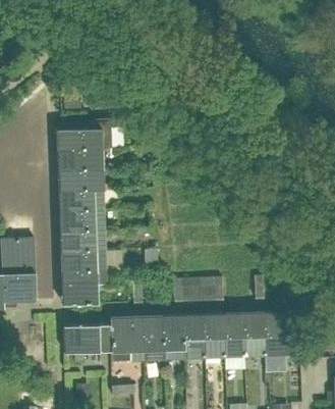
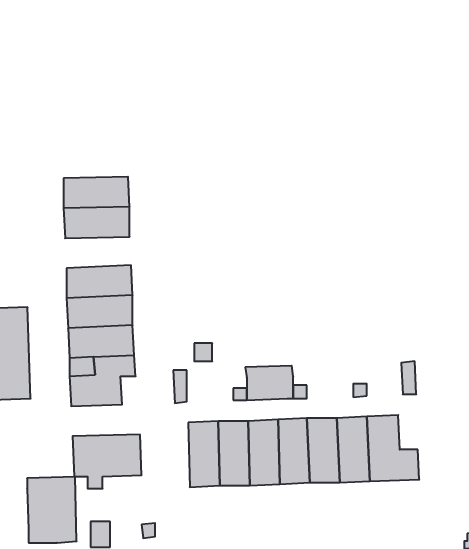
building: [57,118,112,150] -> none
building: [59,190,104,211] -> none
building: [110,316,144,361] -> [27,477,77,543]

